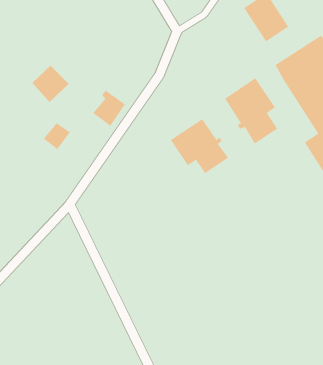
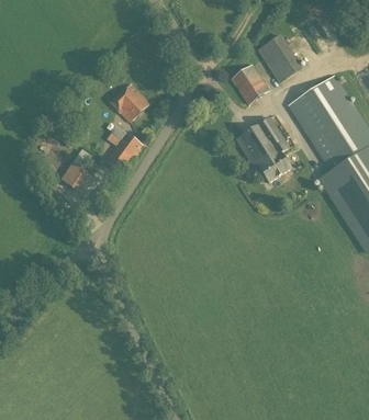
building: none -> [230,61,269,103]
building: [31,65,70,103] -> [111,82,148,120]
building: [170,118,229,174] -> none

